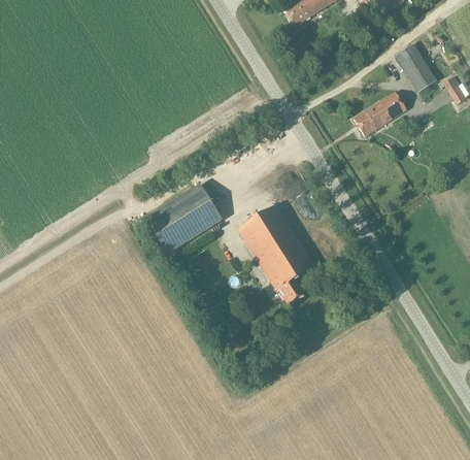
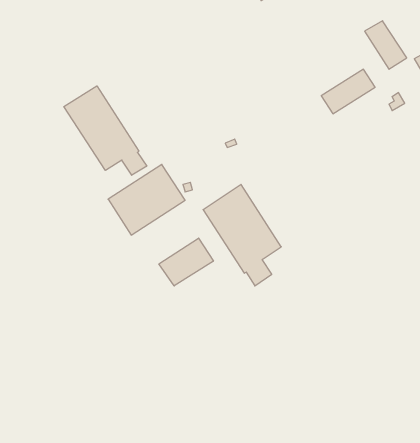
building: none -> [64,86,147,175]
building: none -> [159,238,213,286]

